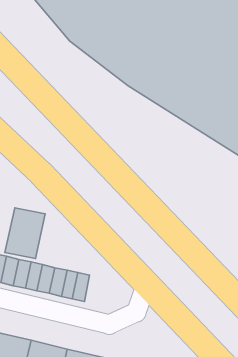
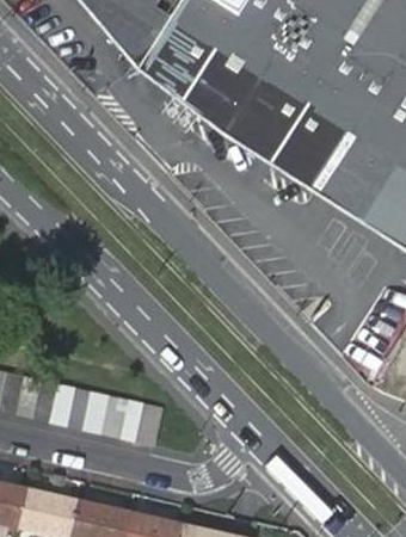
building: [5,208,45,259] -> none

